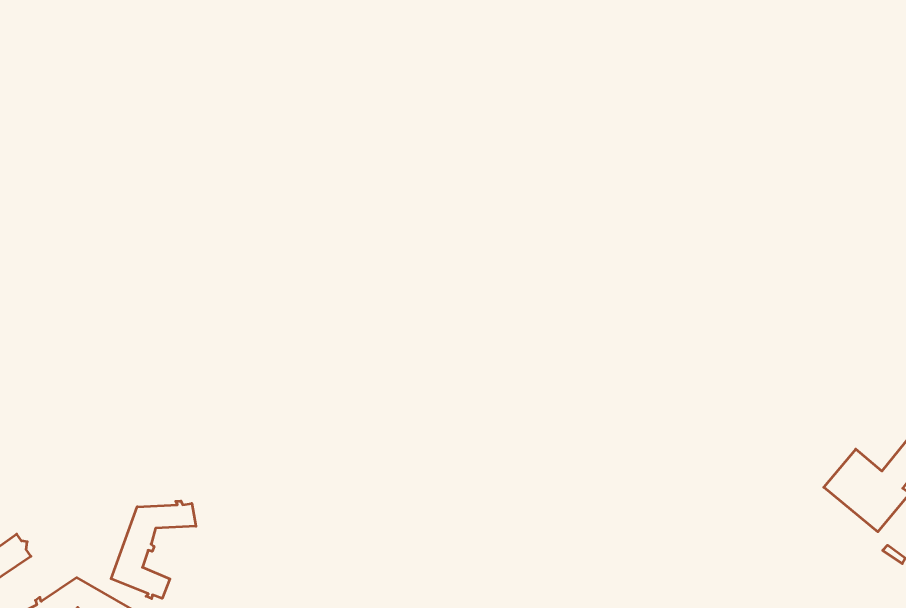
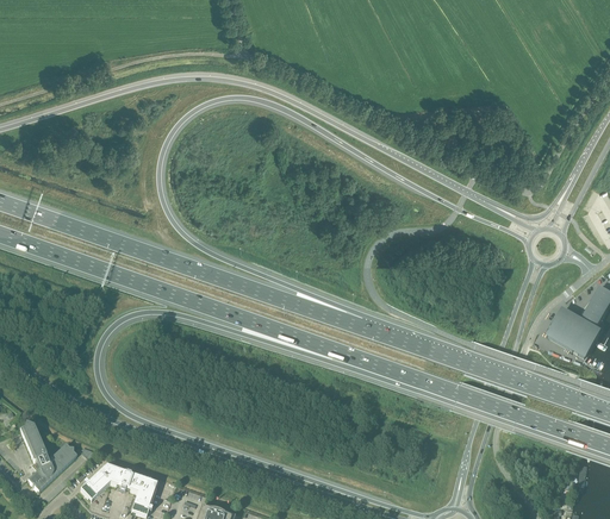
building: [111,501,196,599] -> none

